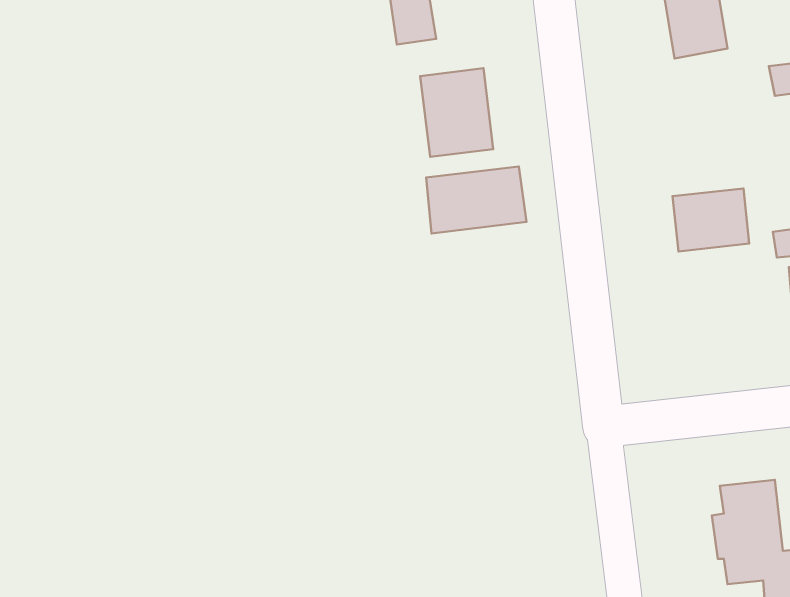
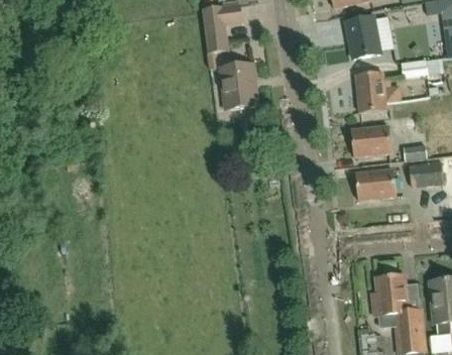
building: none -> [354,72,385,111]
building: [426,166,527,233] -> none
building: none -> [354,167,394,200]

